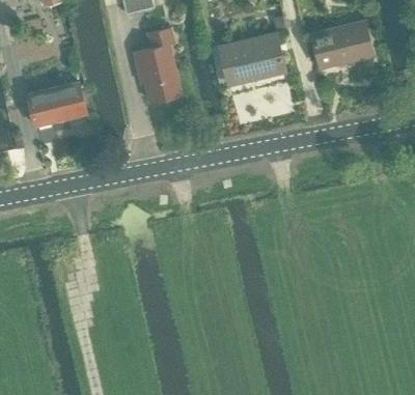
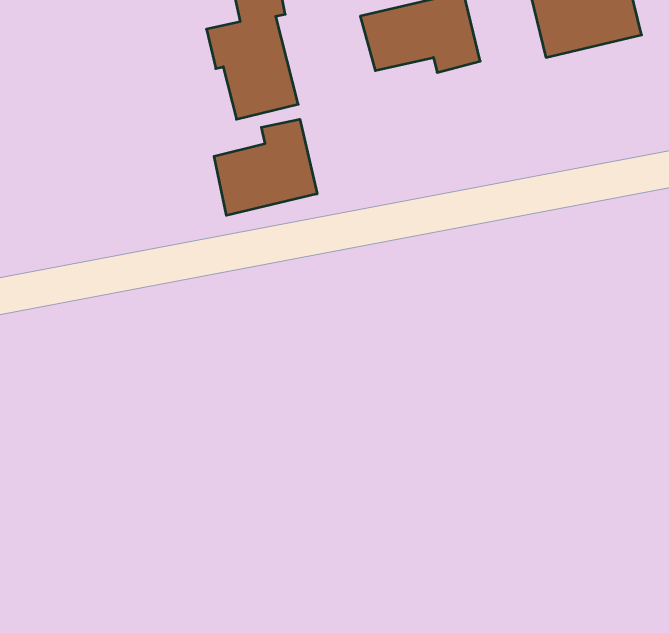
building: [27,82,87,129] -> none
building: none -> [214,119,317,215]

